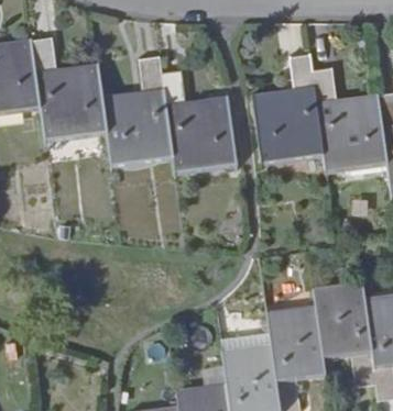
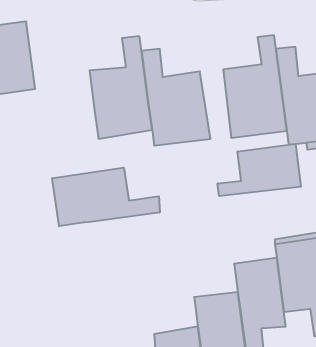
building: [31,34,108,145] -> none
building: none -> [218,144,301,196]
building: none -> [52,168,160,226]

